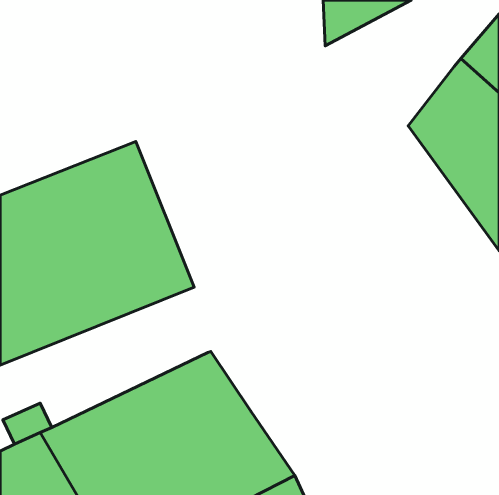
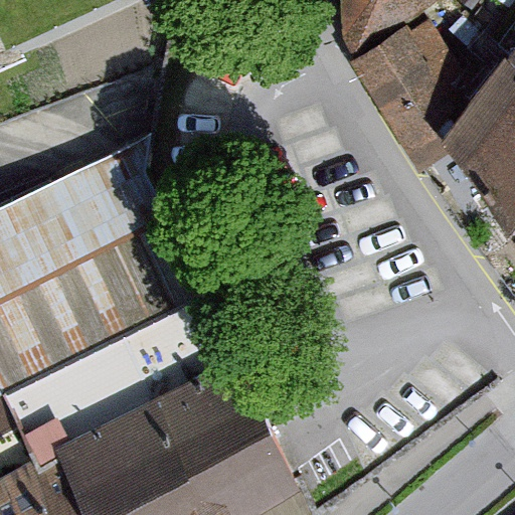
building: none -> [340,26,468,152]

